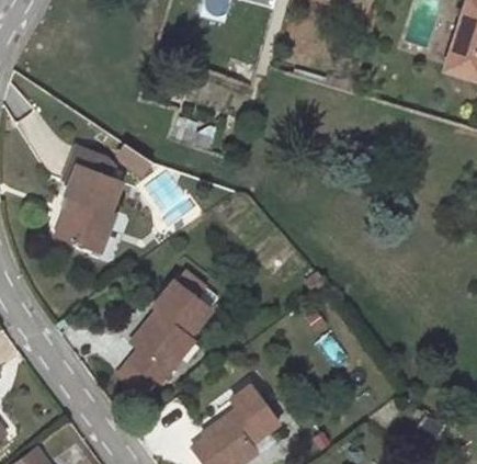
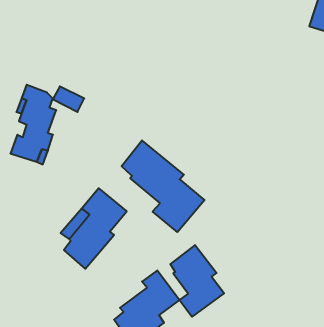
building: none -> [122,140,205,232]
building: none -> [170,245,224,317]

